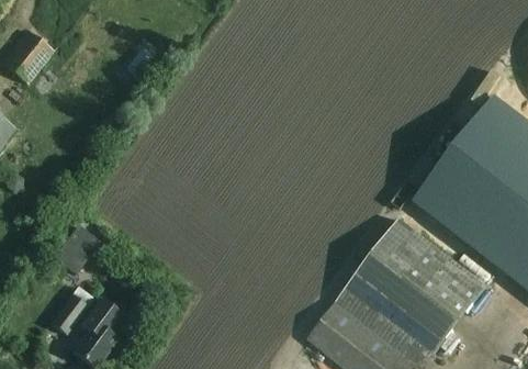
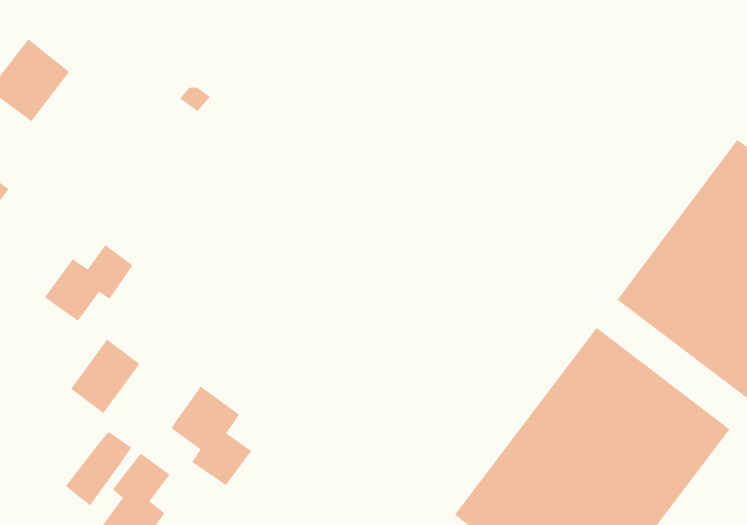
building: none -> [44,244,134,322]
building: none -> [170,386,252,486]

